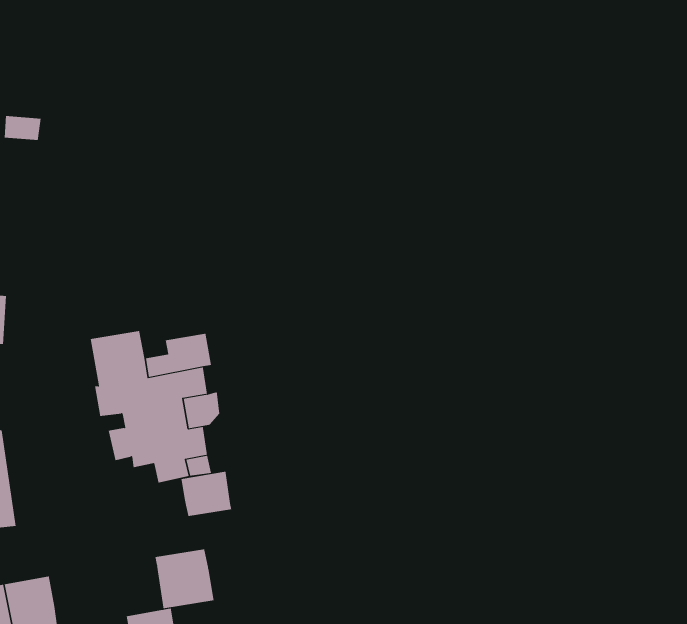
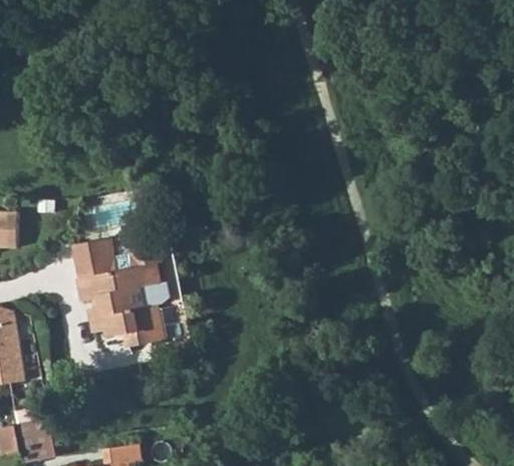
building: [181,471,232,517] -> none
building: [155,549,214,609] -> none

